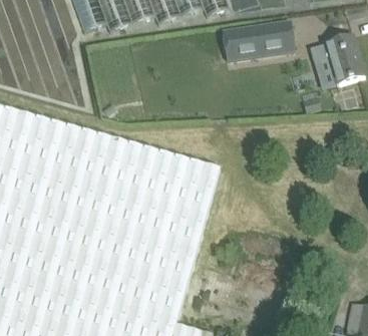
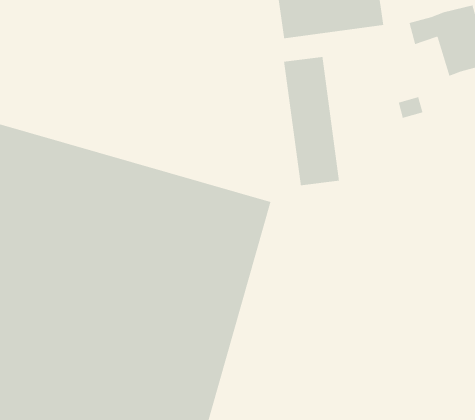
building: none -> [283,56,340,186]

